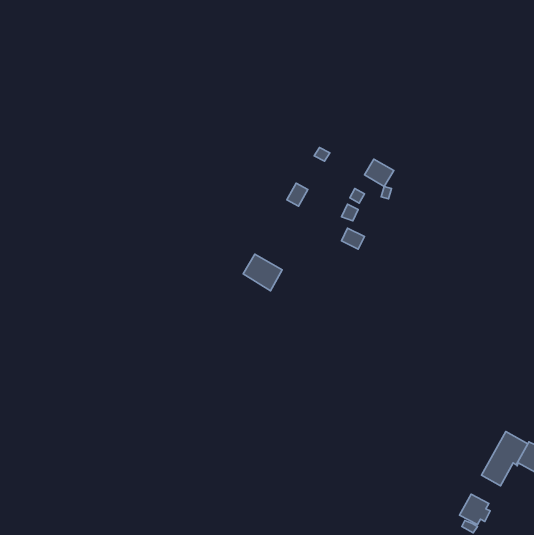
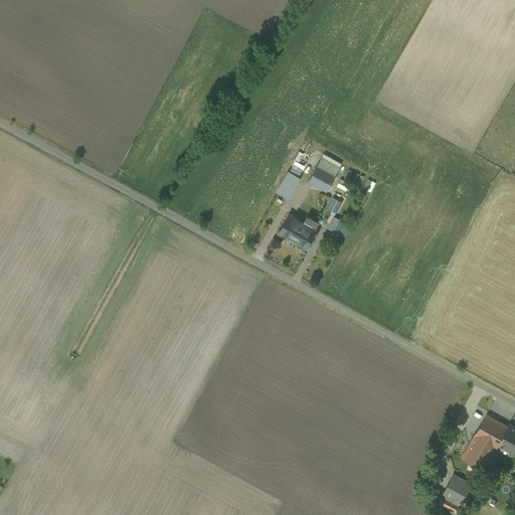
building: [364,159,394,186] -> [308,165,336,191]
building: [243,254,282,291] -> [279,213,316,248]

